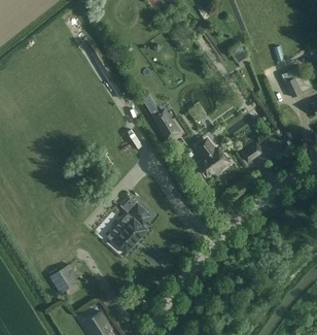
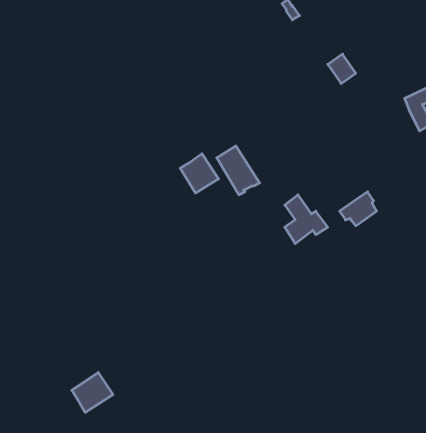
building: none -> [180,154,219,193]
building: [107,195,152,253] -> none

